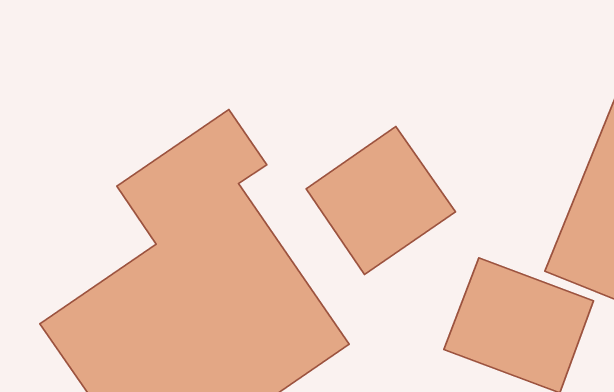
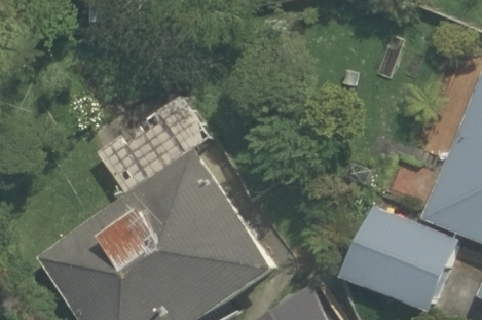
building: [306,126,456,274] -> none

